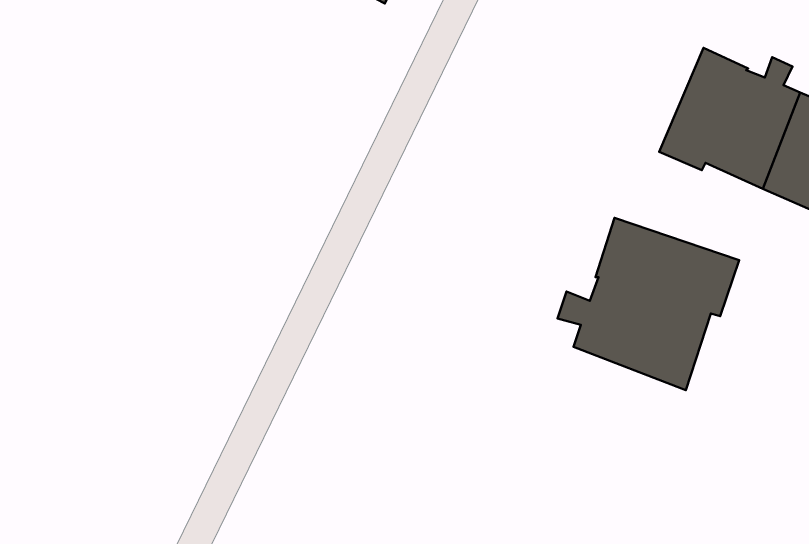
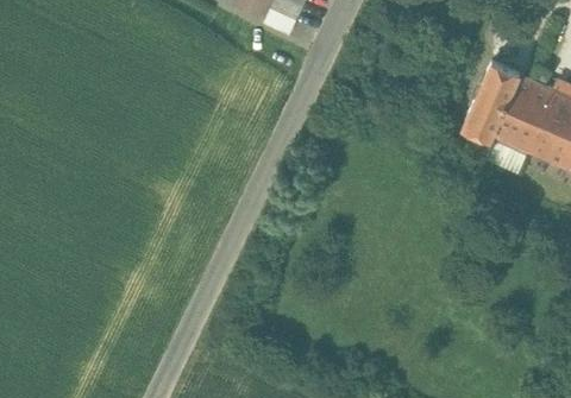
building: [558,218,739,390] -> none

